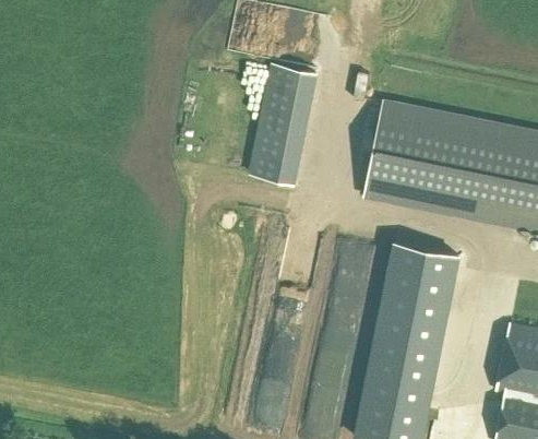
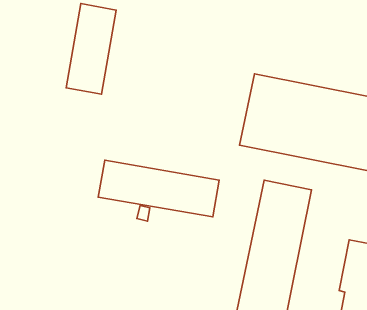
building: [248,61,314,182] -> [66,4,116,94]
building: none -> [98,160,219,217]

